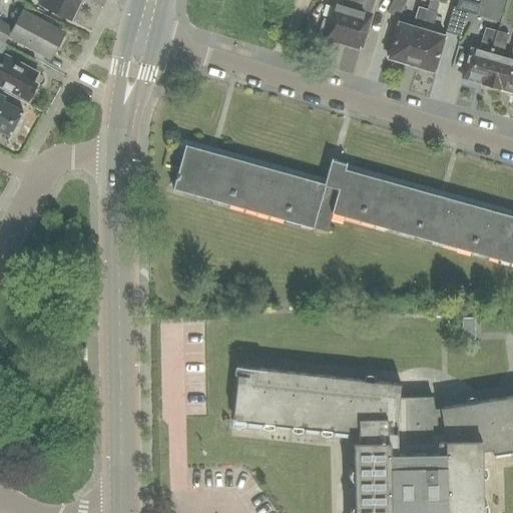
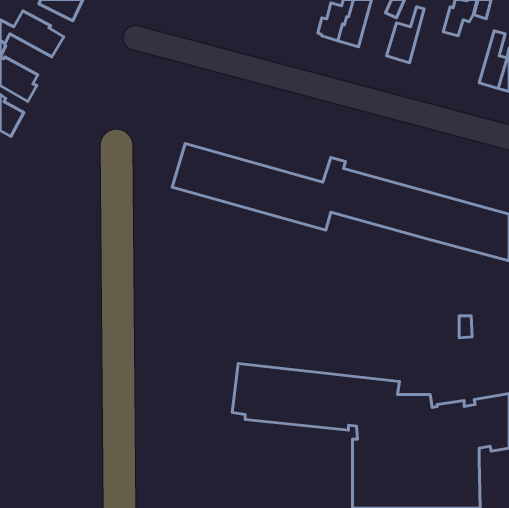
building: [412,9,444,69] -> none
building: [462,27,497,83] -> none

